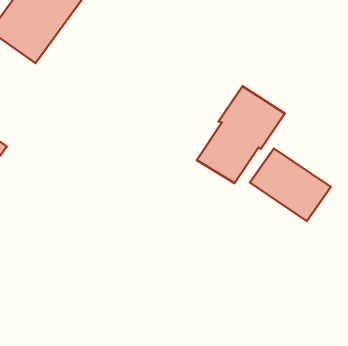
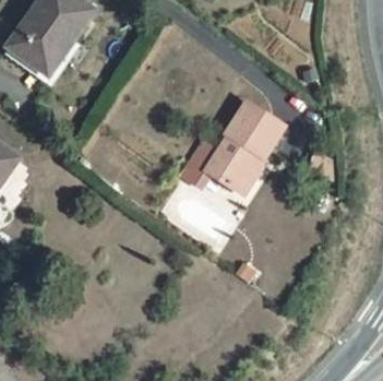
building: [250,148,331,221] -> none

